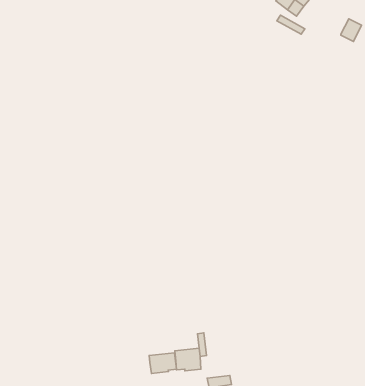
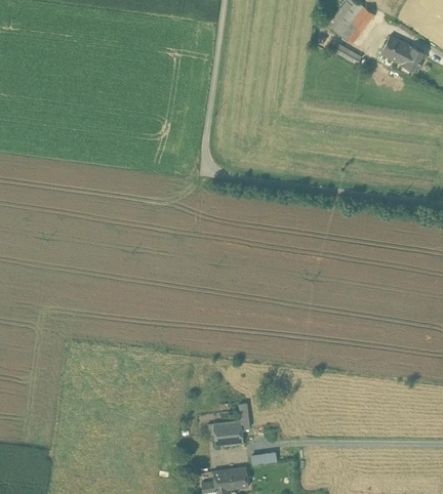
building: none -> [381,36,411,65]
building: [149,353,177,374] -> none

